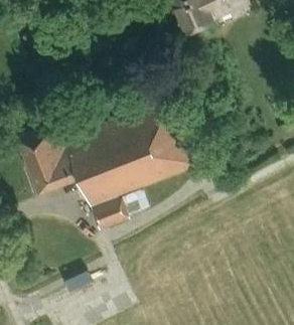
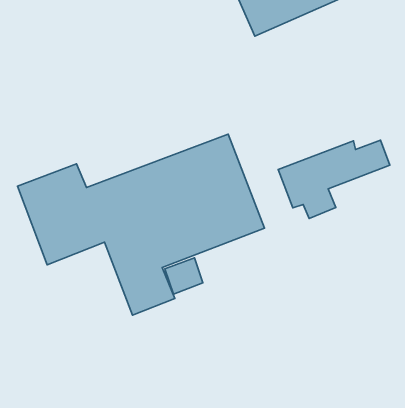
building: none -> [278,140,390,218]

